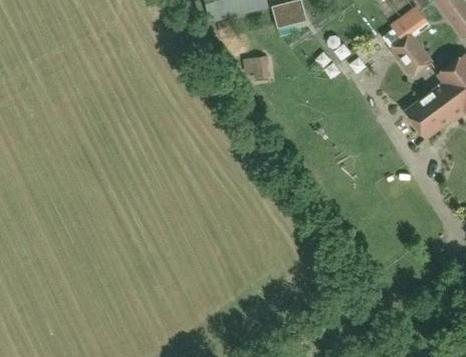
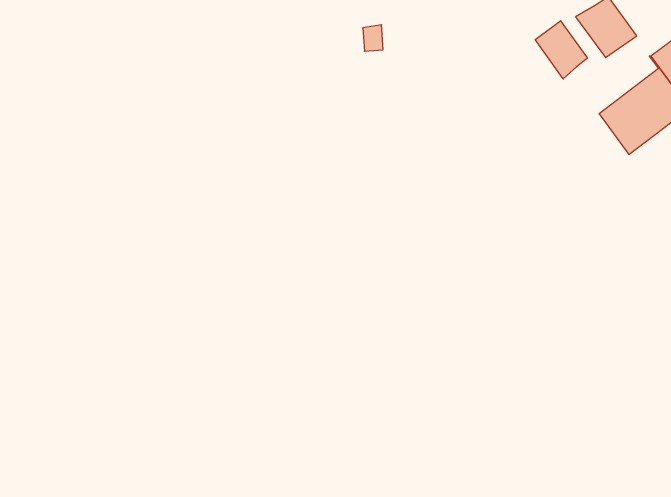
building: none -> [535,21,587,79]

